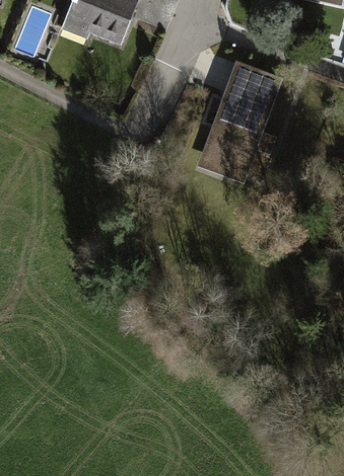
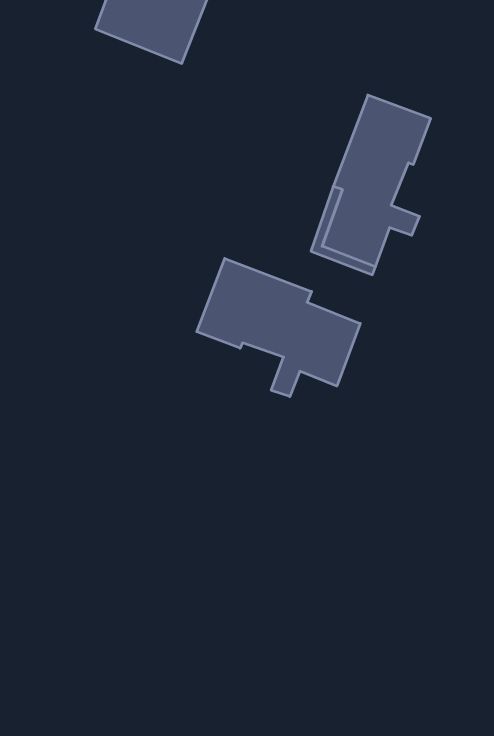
building: none -> [197,258,360,397]

